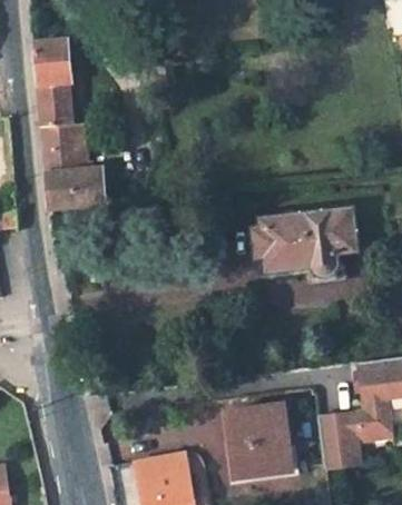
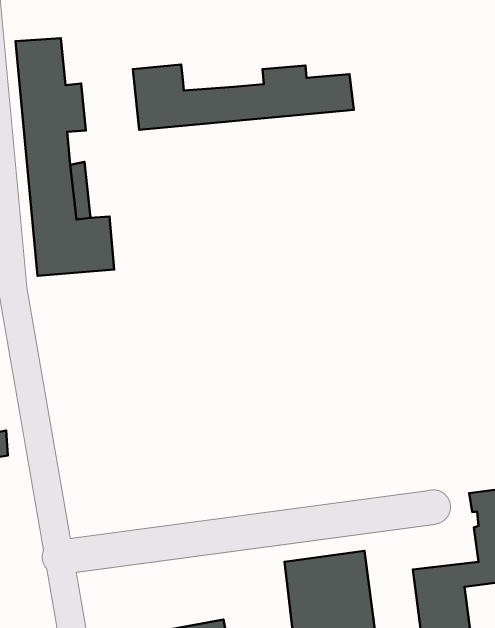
building: none -> [133,65,354,130]
building: [252,209,357,277] -> none

